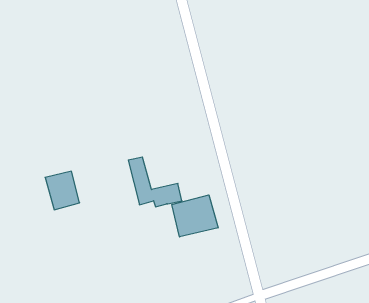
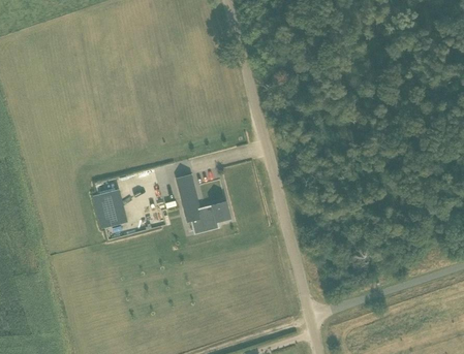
building: [172,195,218,237] -> none

